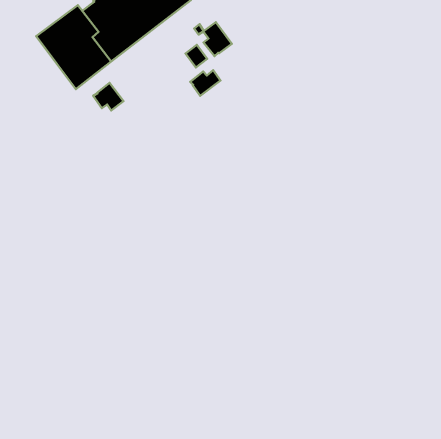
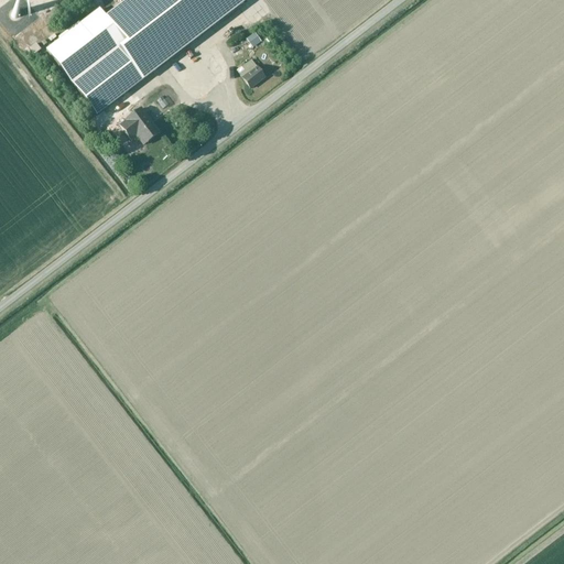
building: [203,22,232,56] -> none
building: [190,70,221,96] -> none

